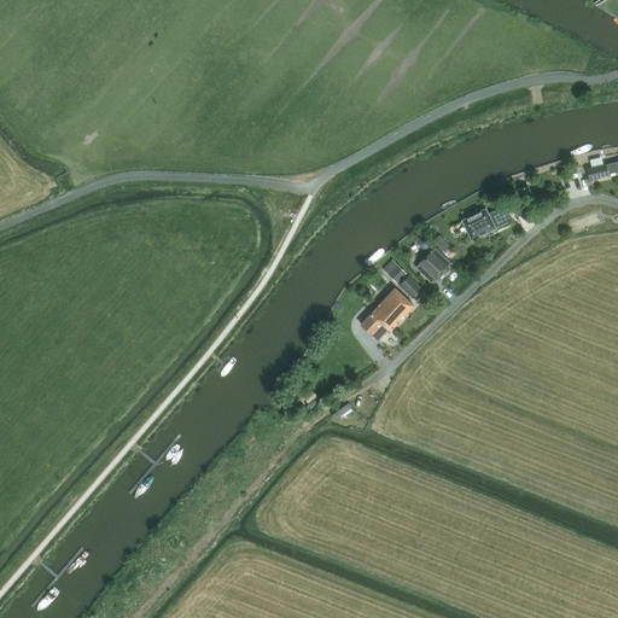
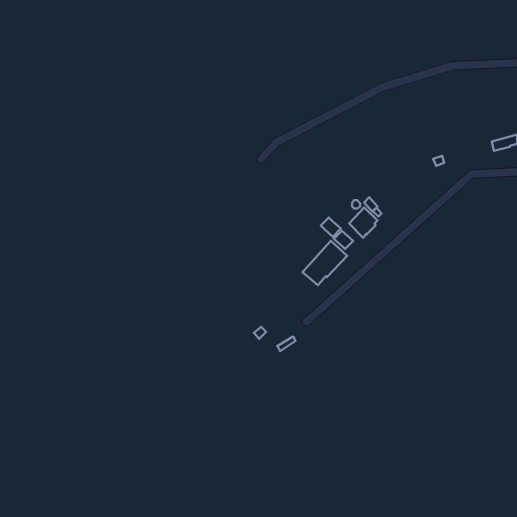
building: [462,205,512,240] -> none

